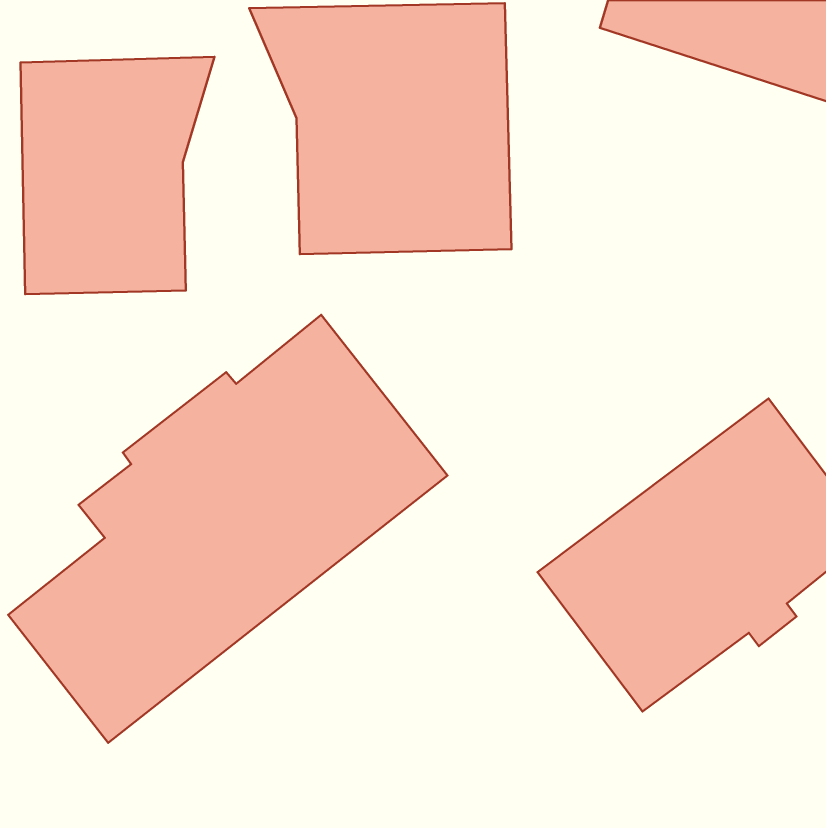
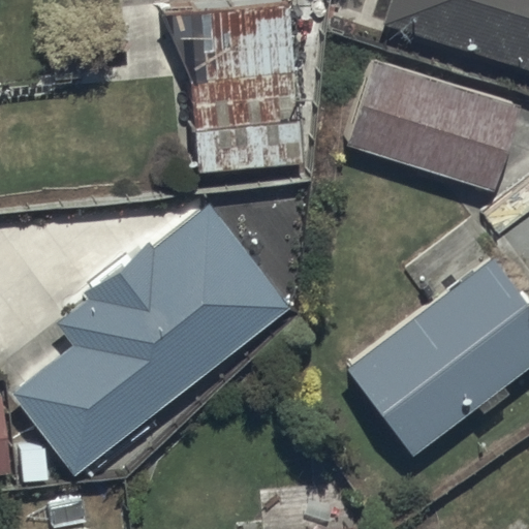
building: [20,57,215,294] -> none
building: none -> [349,62,522,192]

